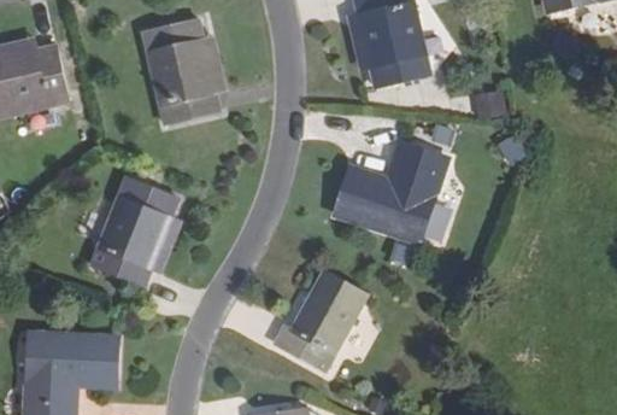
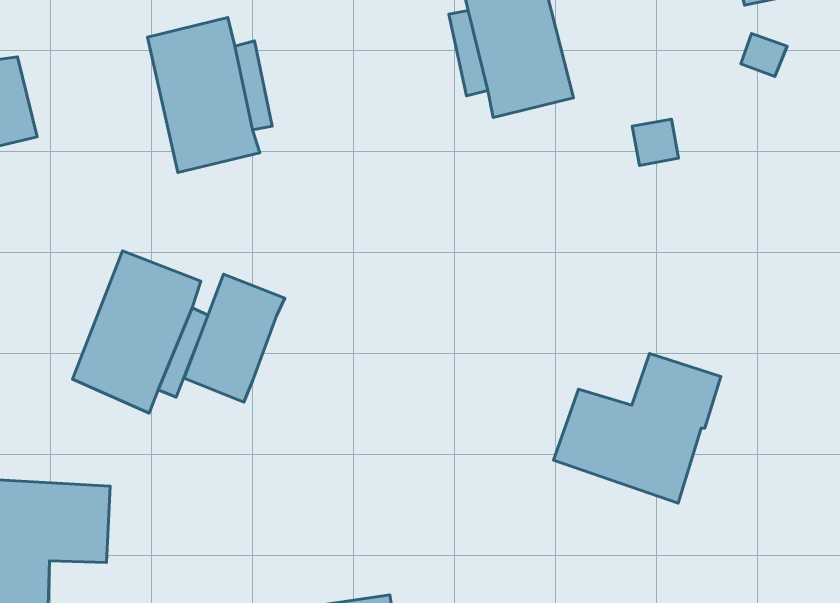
building: [335,142,448,244] -> [553,353,721,503]
building: none -> [184,274,285,402]
building: [274,271,366,372] -> none

